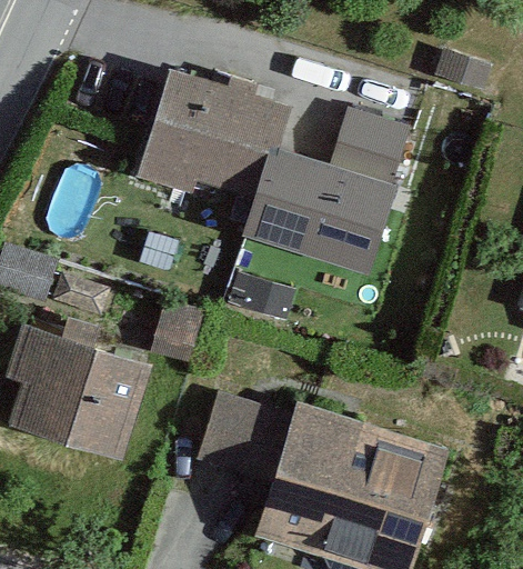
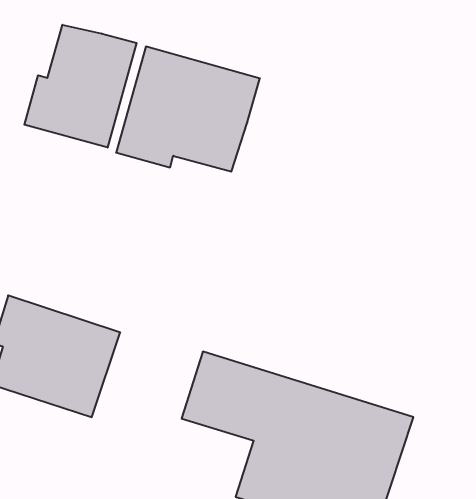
building: none -> [24,25,137,148]
building: [245,107,413,271] -> none

